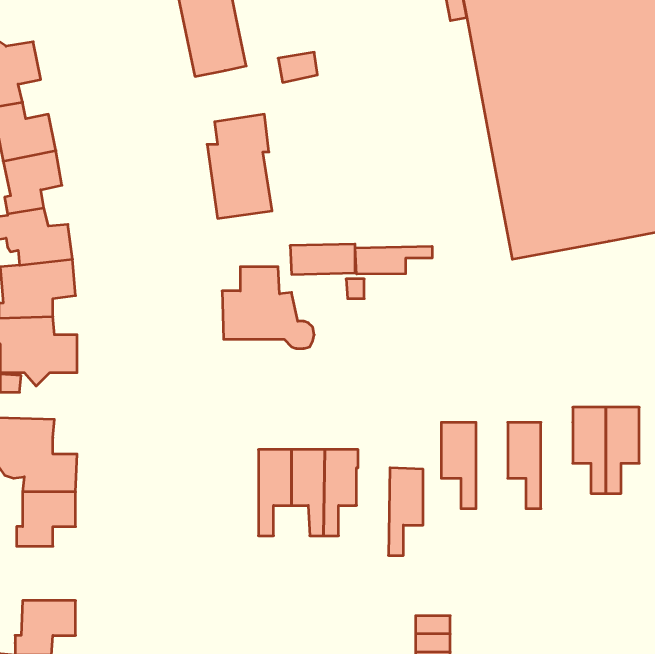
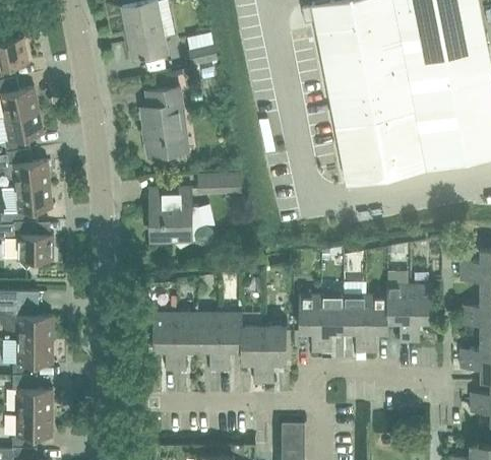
building: [355,246,432,274] -> none
building: none -> [322,295,344,353]
building: none -> [366,295,388,353]
building: none -> [154,314,176,372]
building: none -> [241,326,264,385]
building: none -> [13,379,53,415]

